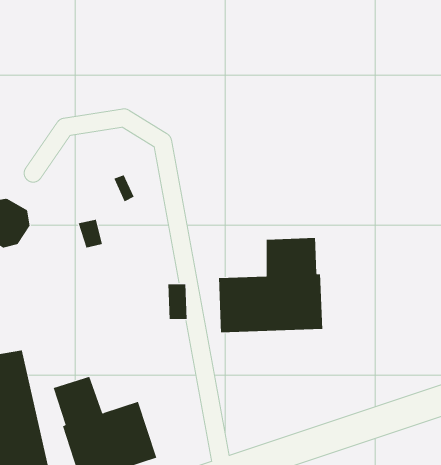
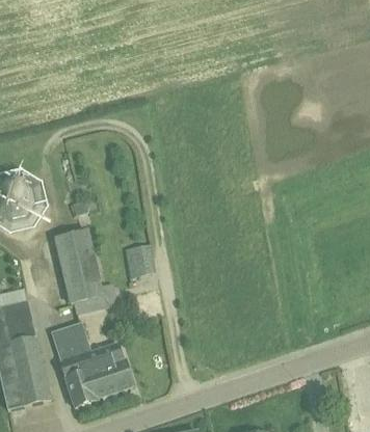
building: [218,237,323,333] -> none
building: none -> [53,228,103,303]

